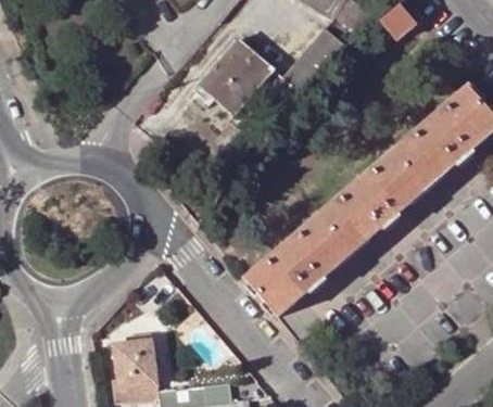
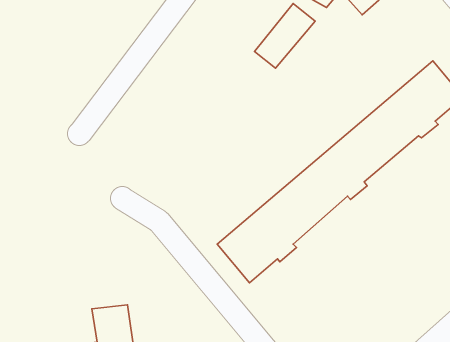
building: [194,38,305,114] -> none

